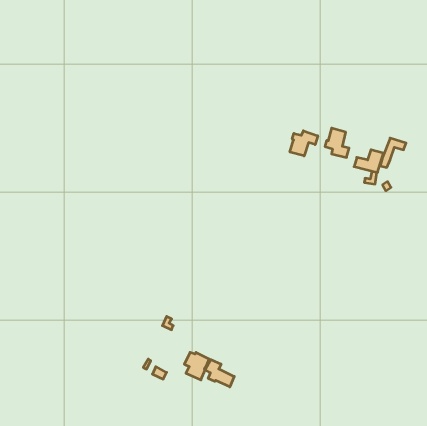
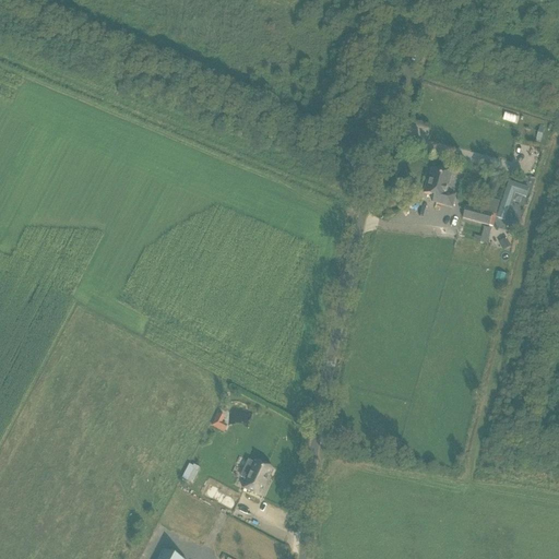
building: [290,131,318,156] -> none
building: [205,360,234,387] -> none

